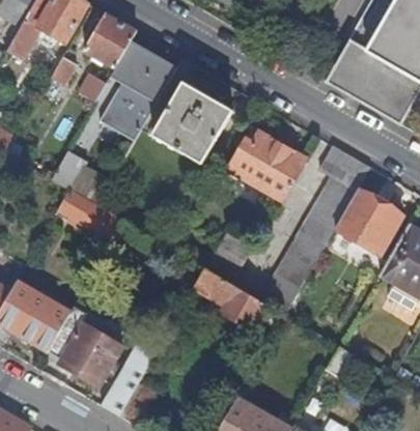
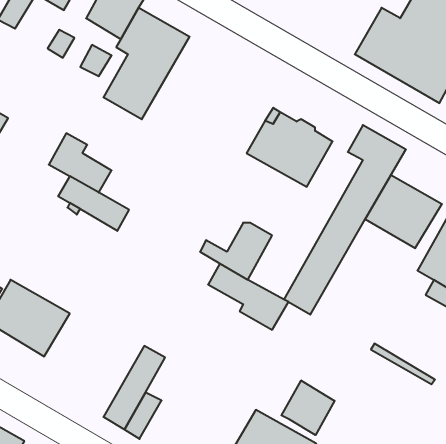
building: [147,82,232,164] -> none
building: [60,322,124,385] -> none
building: none -> [281,380,335,435]

